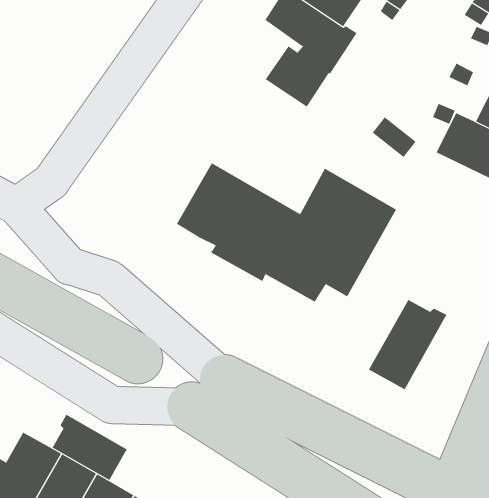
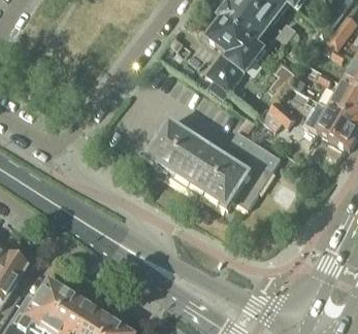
building: [368,299,447,390] -> none
building: [52,414,128,481] -> none

